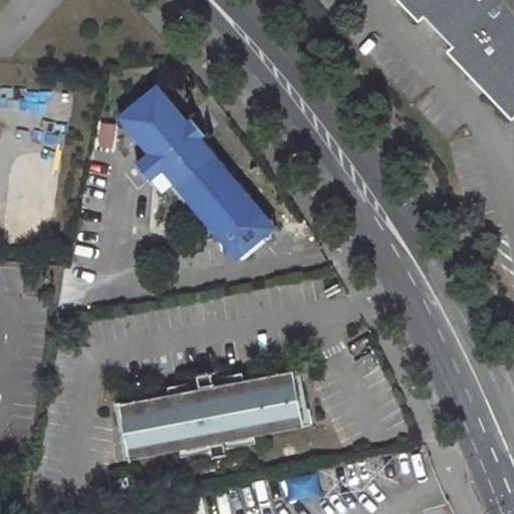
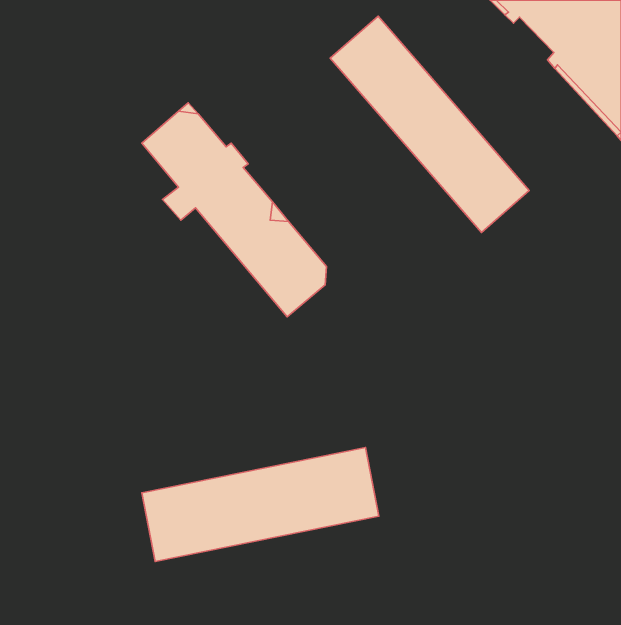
building: none -> [330,16,529,233]

